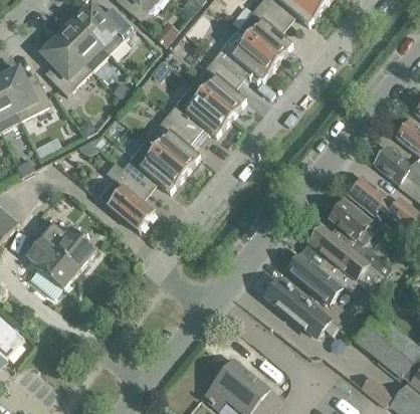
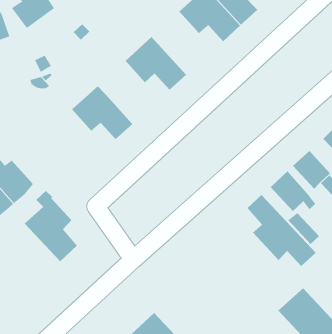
building: [191,57,246,119] -> none
building: [154,114,200,175] -> none
building: [97,162,154,231] -> [24,190,78,262]
building: [286,253,340,301] -> none
building: [265,278,338,340] -> none

